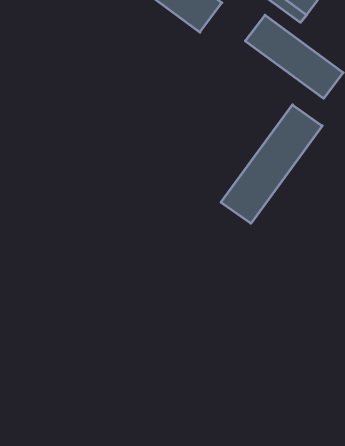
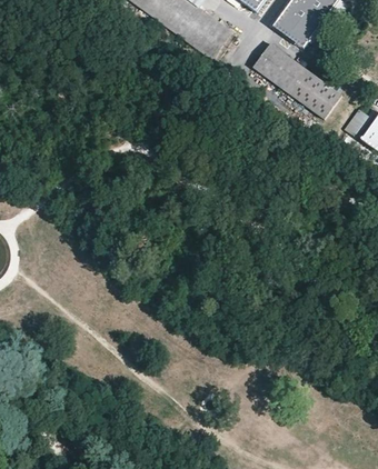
building: [221,105,322,223] -> none

